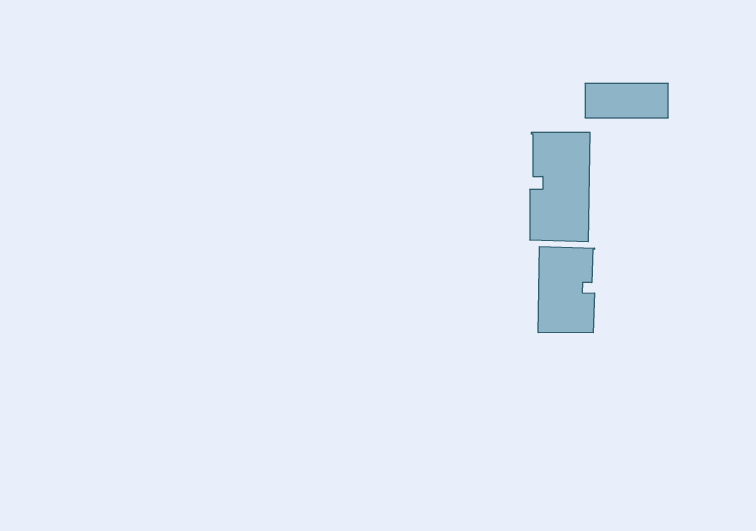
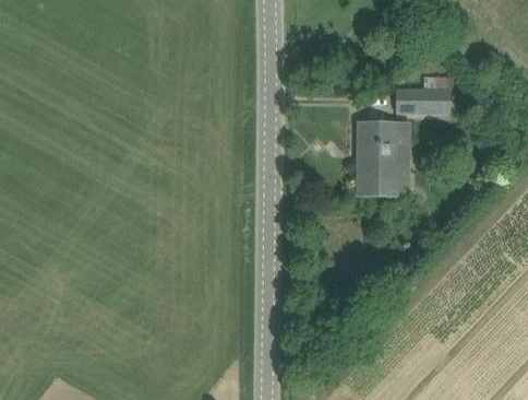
building: [538,247,595,333] -> none

